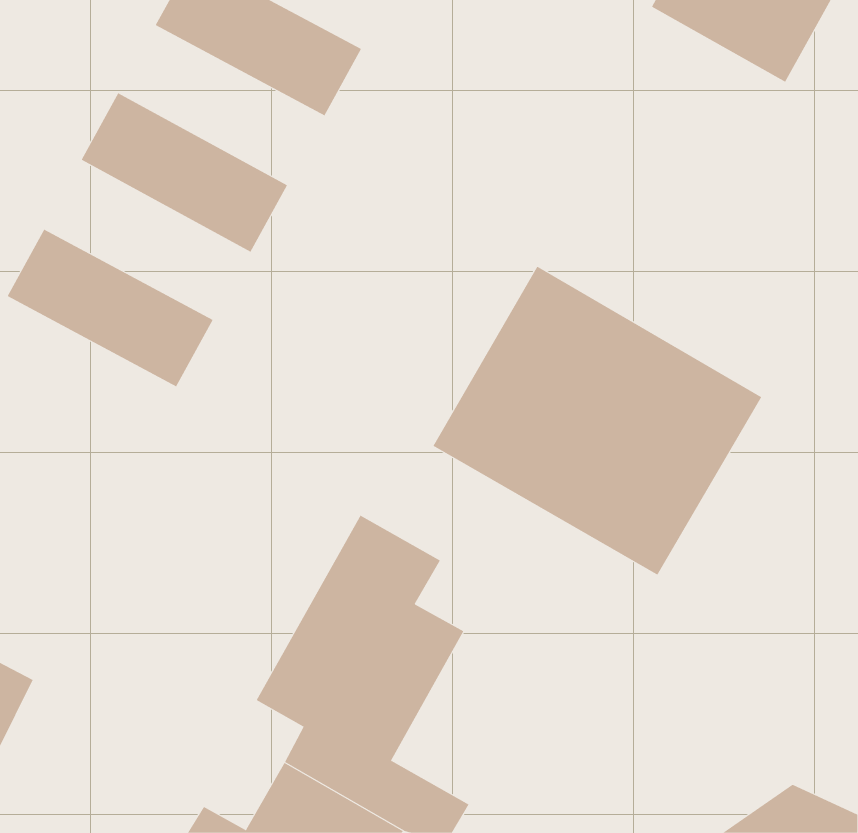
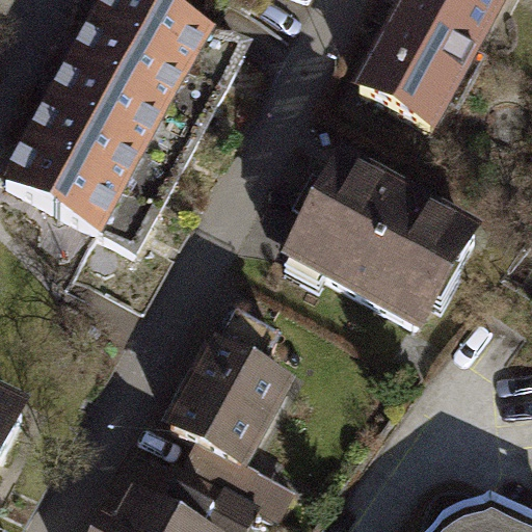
building: none -> [357,4,485,131]
building: none -> [73,16,201,114]
building: none -> [27,99,155,197]

